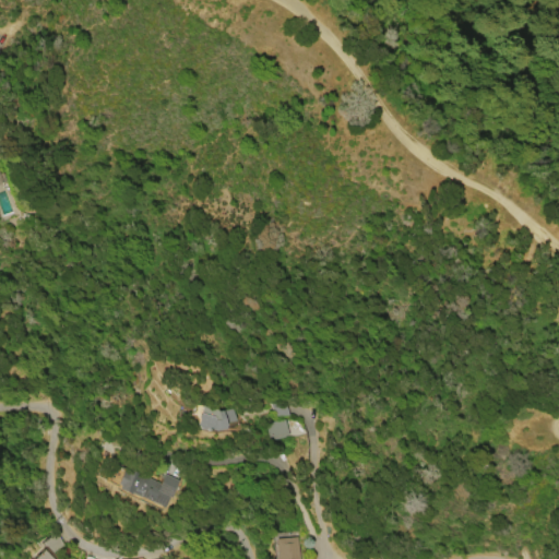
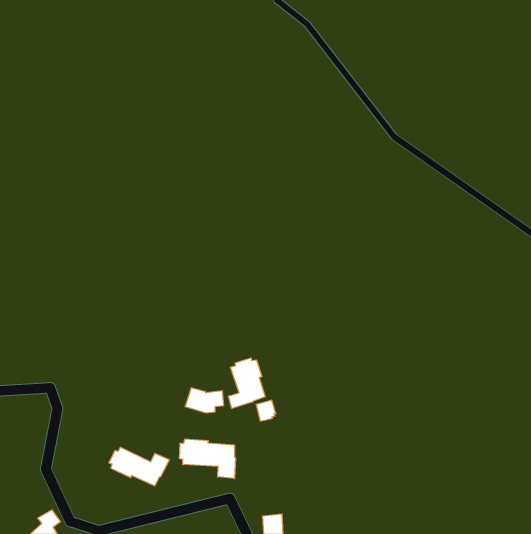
building: none -> [229,358,265,408]
building: none -> [180,439,235,479]

